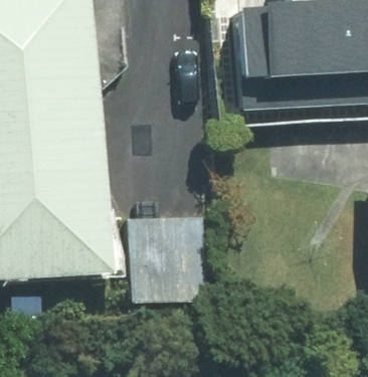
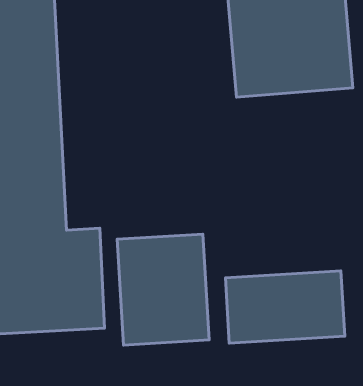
building: none -> [225,271,345,343]

